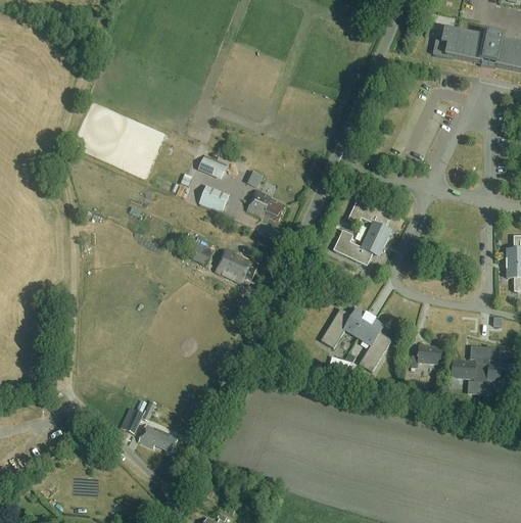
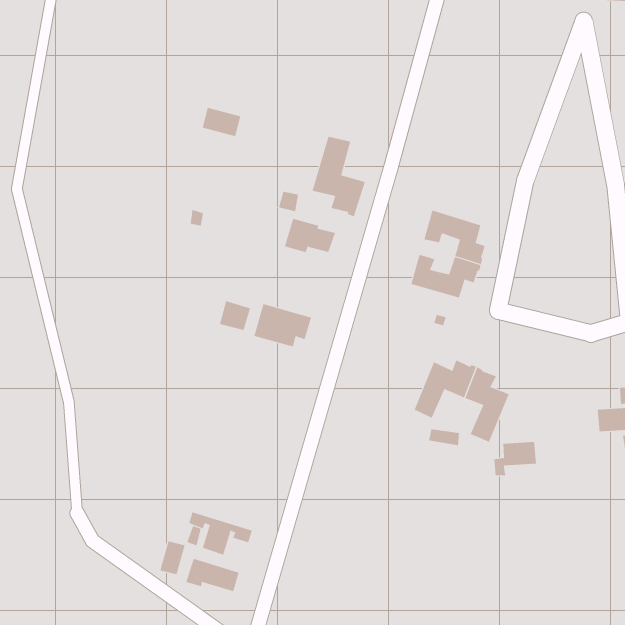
building: none -> [312,136,366,217]
building: [197,154,227,179] -> [202,107,241,137]
building: [199,184,229,211] -> none
building: [411,344,443,368] -> [494,442,537,476]
building: none -> [189,511,253,555]

